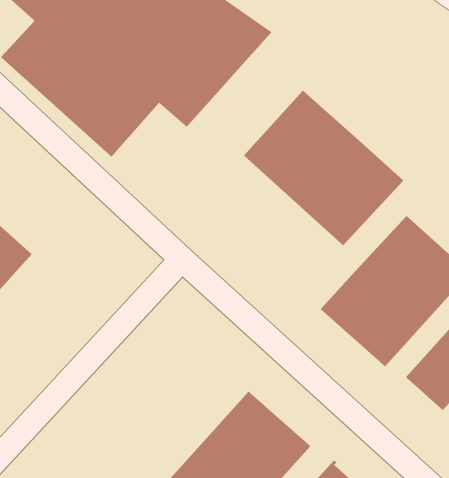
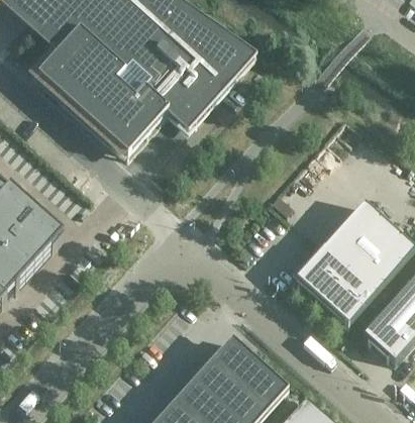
building: [243,90,404,246] -> none

